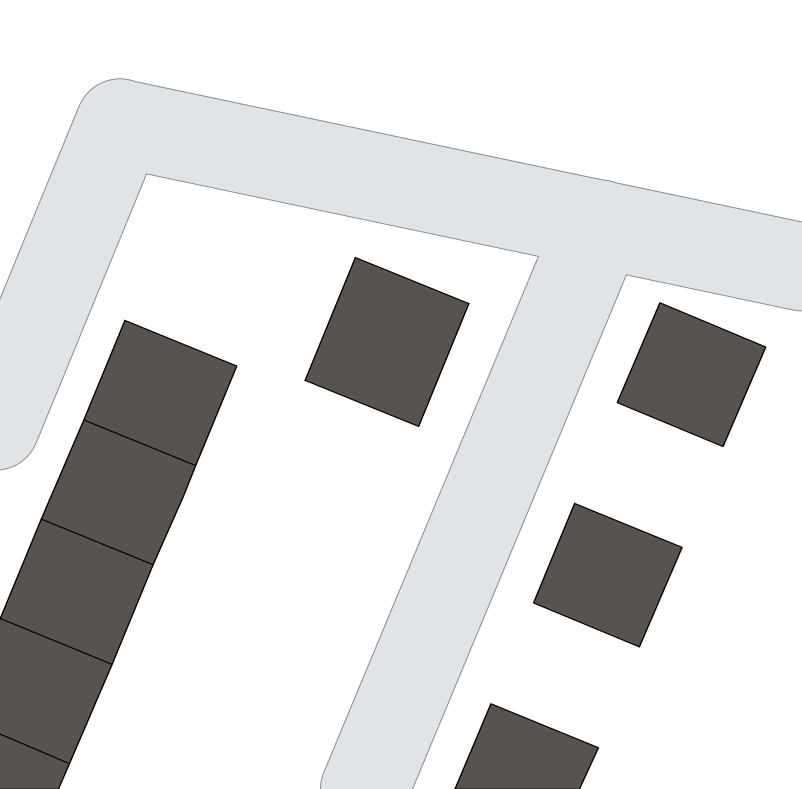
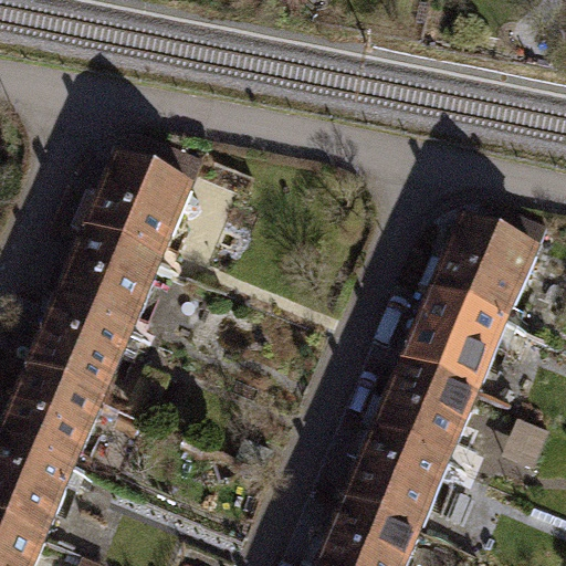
building: none -> [87,155,196,256]
building: [305,258,469,426] -> none
building: none -> [402,282,506,384]
building: none -> [344,422,448,524]

